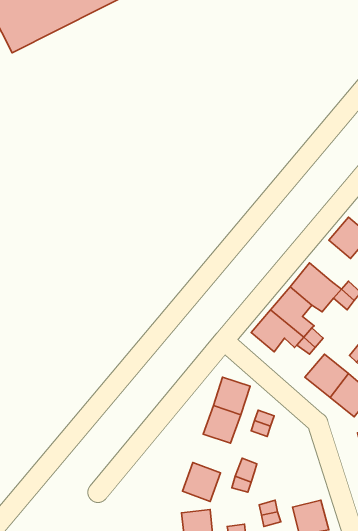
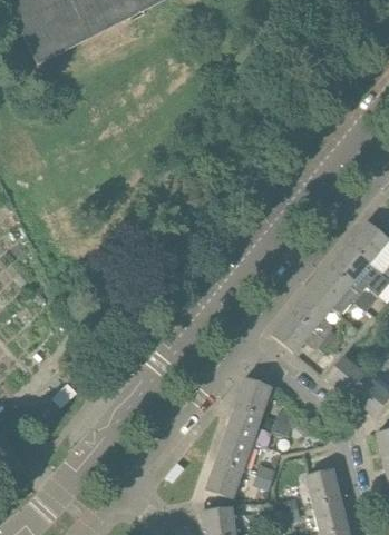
building: none -> [329,244,369,284]
building: none -> [215,433,252,470]
building: none -> [305,468,340,504]

